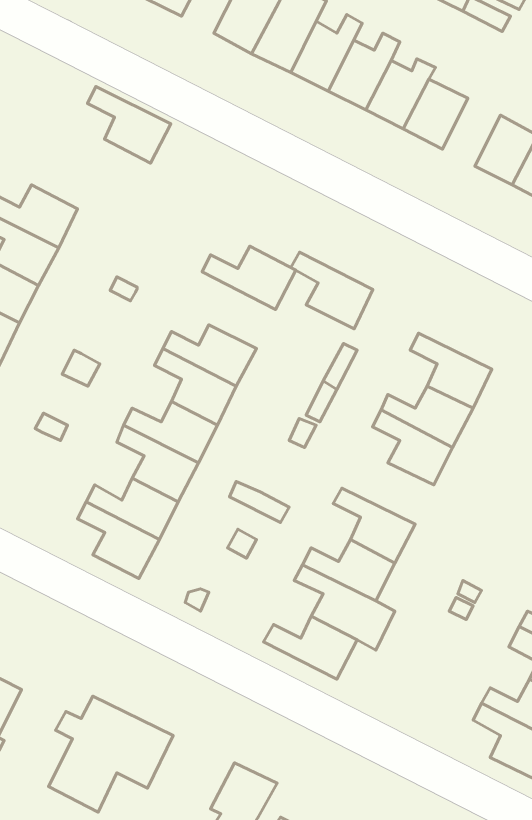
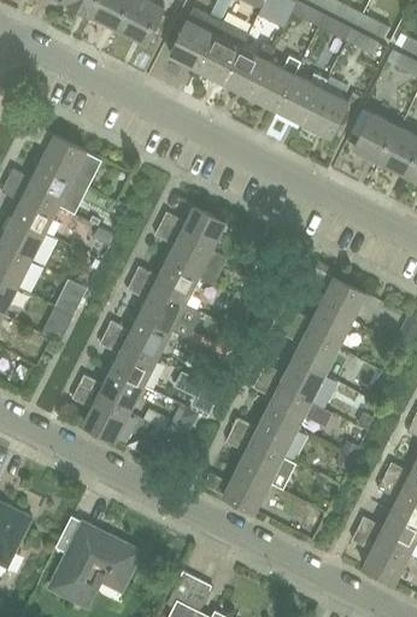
building: [87,86,171,163] -> [28,125,87,180]
building: [291,252,373,329] -> [154,224,212,278]
building: none -> [259,359,324,402]

